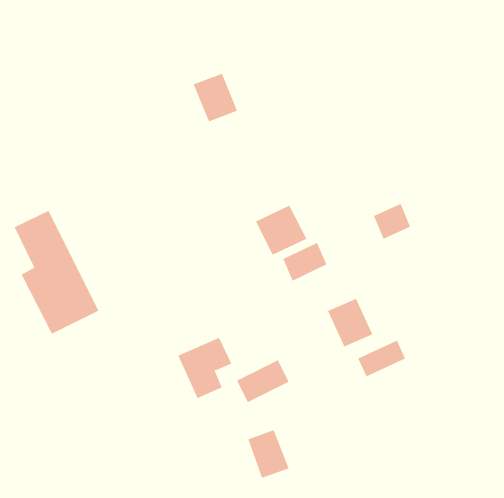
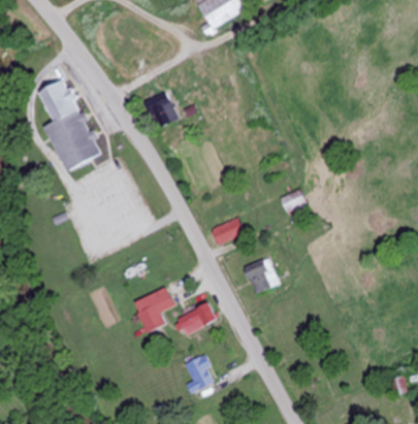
building: [255,205,307,256] -> none
building: [14,210,99,335] -> [39,79,102,171]
building: [357,340,406,377] -> none

